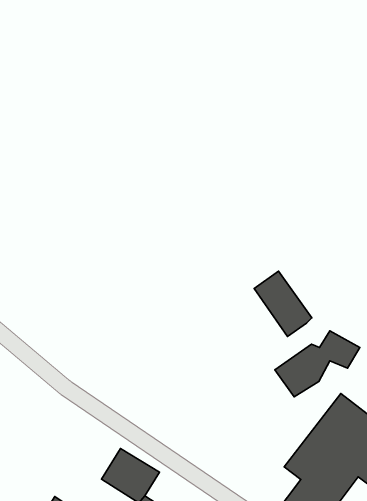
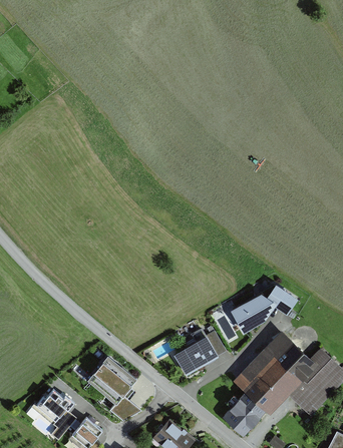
building: [254,271,312,336] -> none
building: none -> [175,326,219,372]

